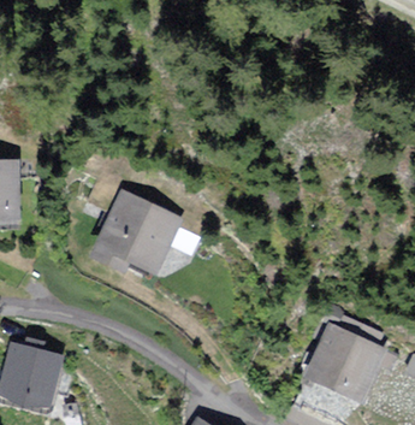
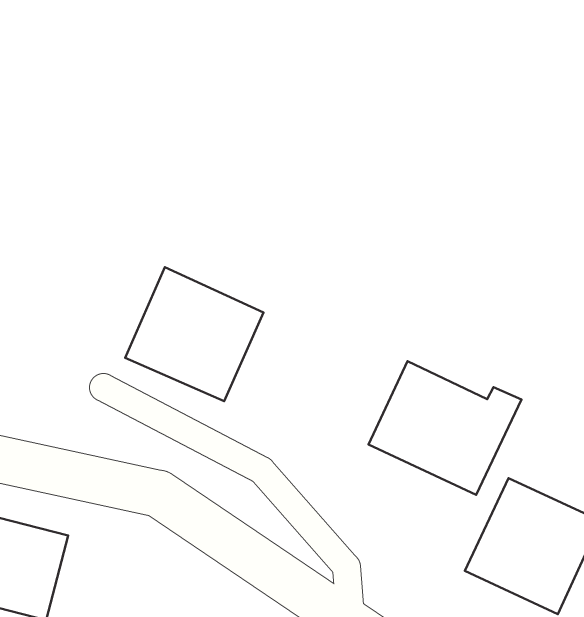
building: none -> [369,361,521,495]

